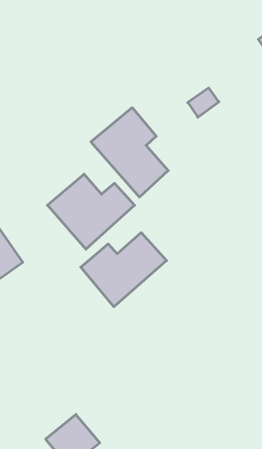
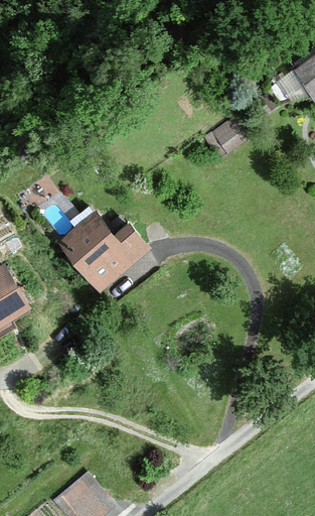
building: [91,108,168,197] -> none
building: [81,233,167,307] -> none

